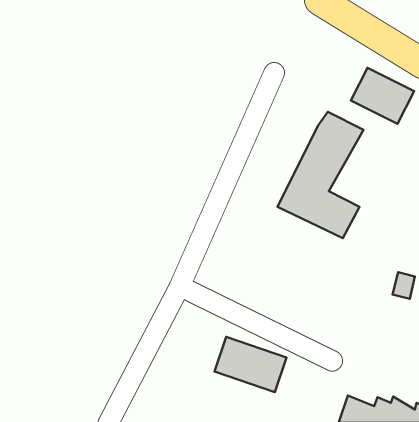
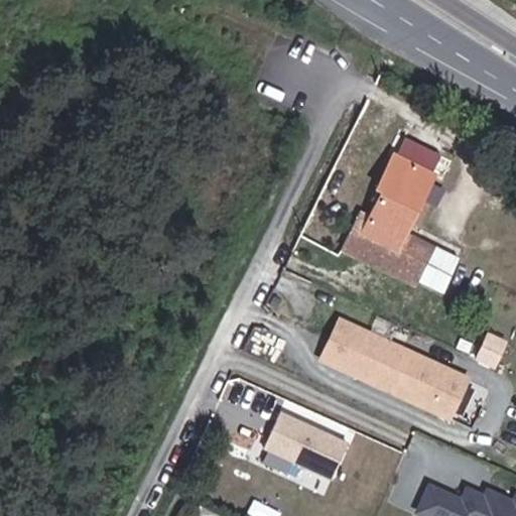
building: [351,68,414,124] -> none
building: none -> [317,319,468,419]

